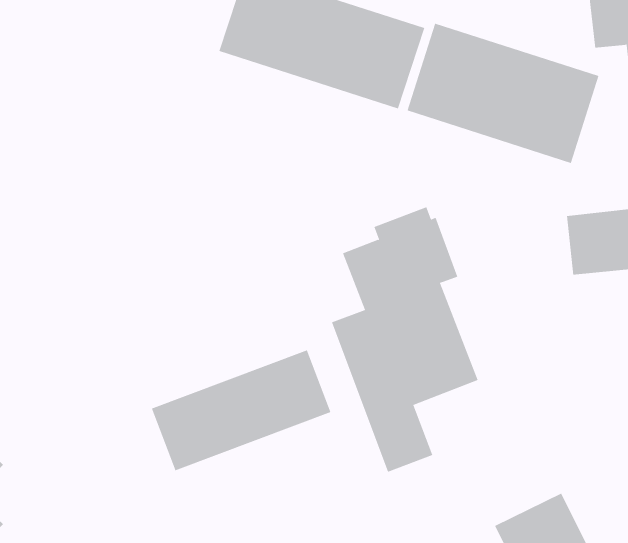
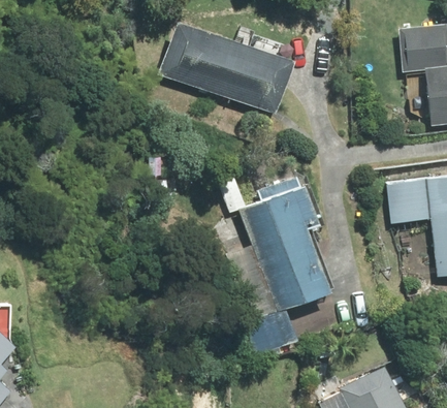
building: [407,23,599,164] -> none
building: [151,350,331,471] -> none

